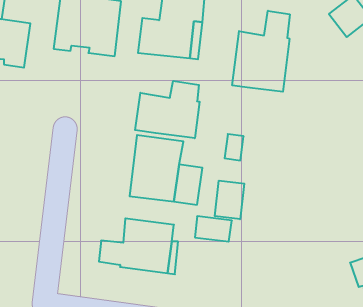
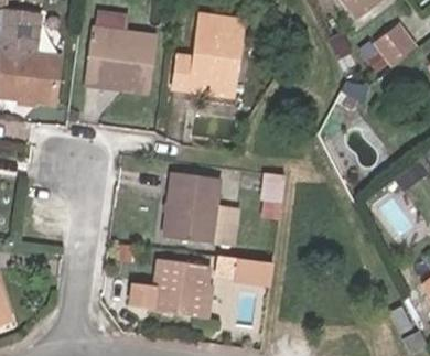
building: [232,11,290,92] -> none
building: [135,81,200,138] -> none
building: [215,181,244,219] -> none

